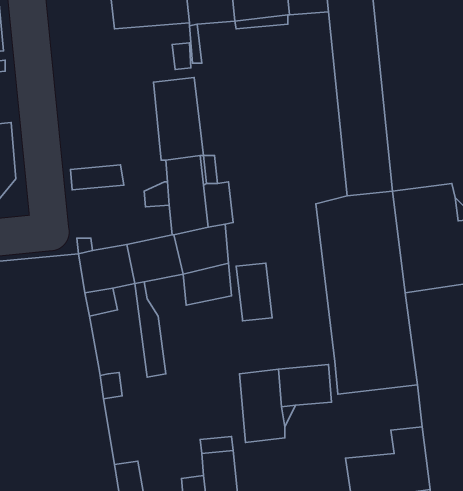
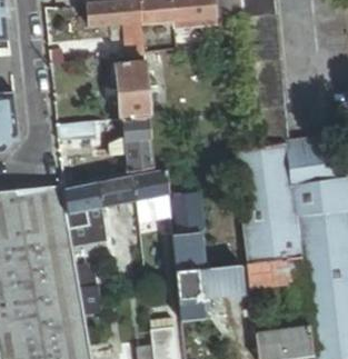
building: none -> [172,231,205,271]

